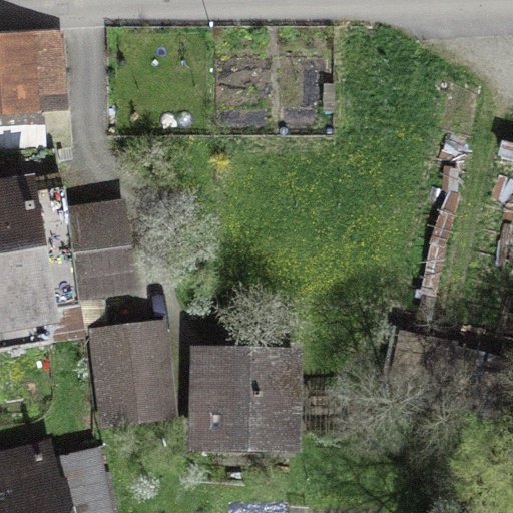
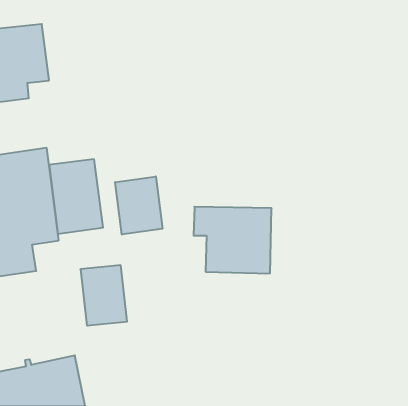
building: none -> [115,176,162,235]
building: [190,353,288,436] -> [194,207,272,273]

